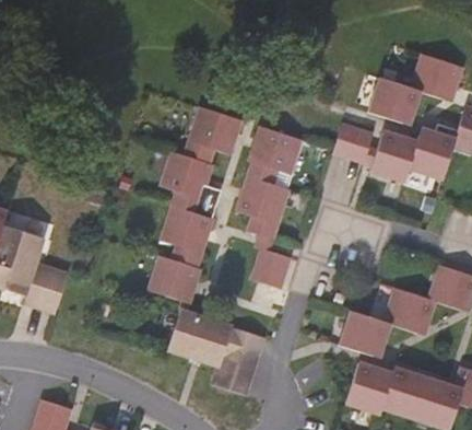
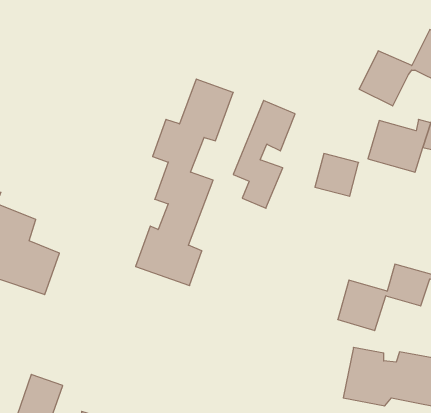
building: [332,117,375,159] -> [315,154,359,196]
building: [253,244,292,284] -> none
building: [167,310,268,386] -> none

